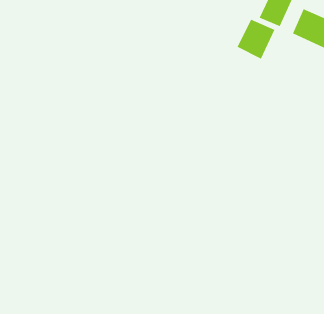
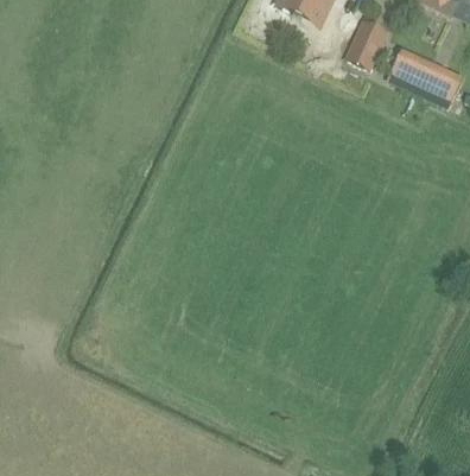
building: [237,19,275,59] -> none

